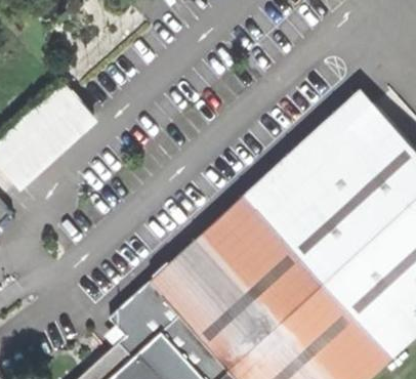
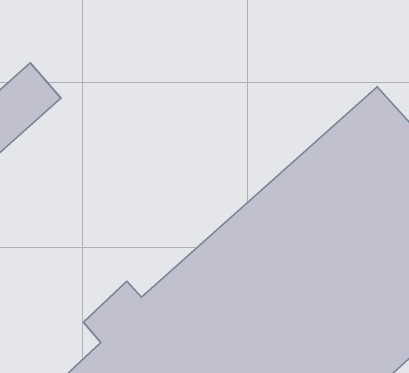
building: [151,87,376,293] -> none

